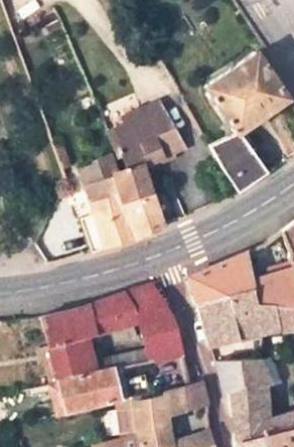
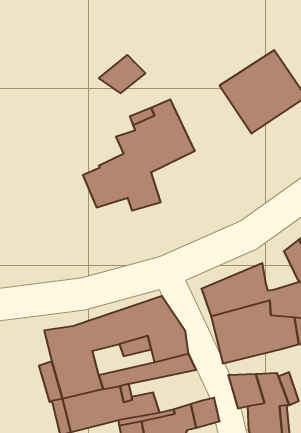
building: none -> [99,55,145,93]
building: [208,132,268,192] -> none
building: [82,192,162,252] -> none

